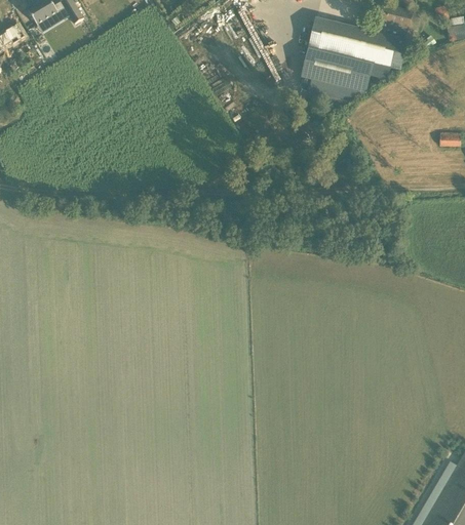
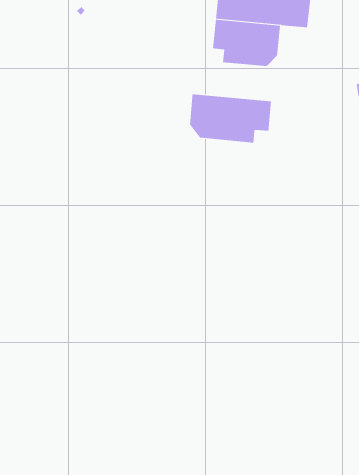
building: none -> [189,93,271,144]

